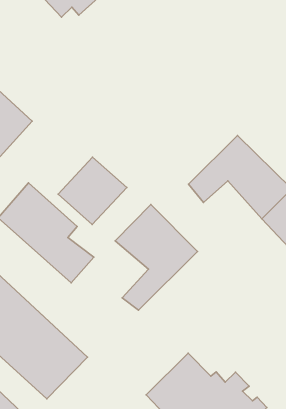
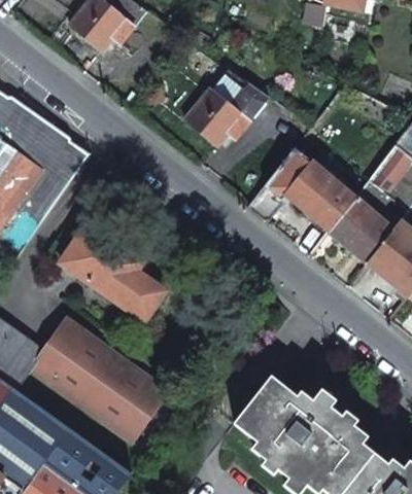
building: none -> [183,71,268,148]
building: [58,157,127,224] -> none
building: [115,204,197,310] -> none

